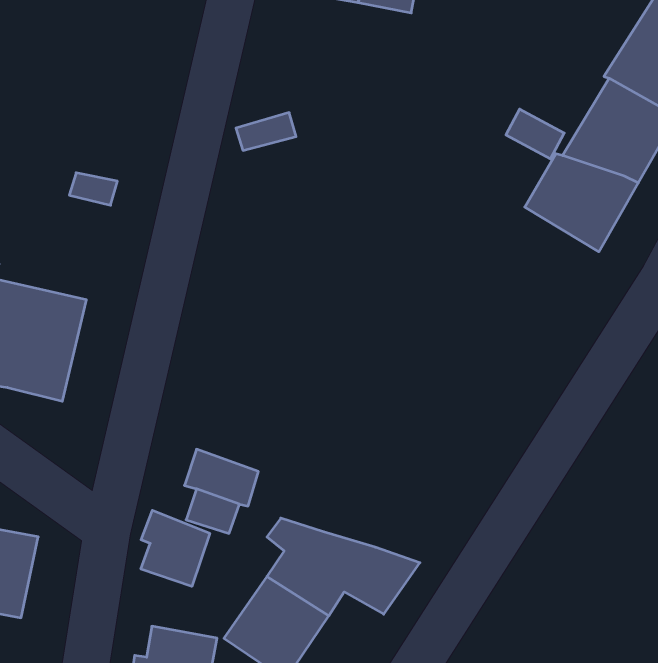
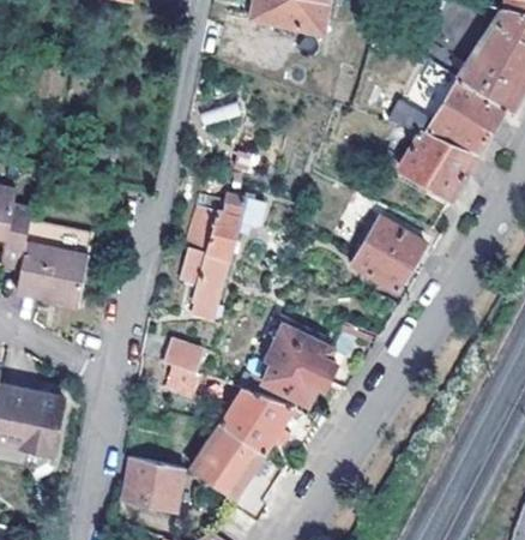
building: none -> [180,194,264,320]
building: none -> [346,212,424,288]
building: none -> [260,326,337,406]
building: [141,510,210,586] -> none

